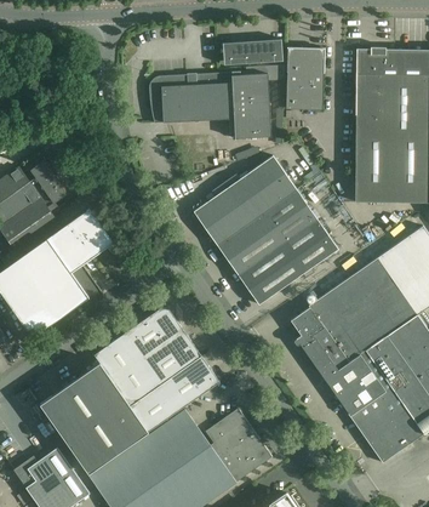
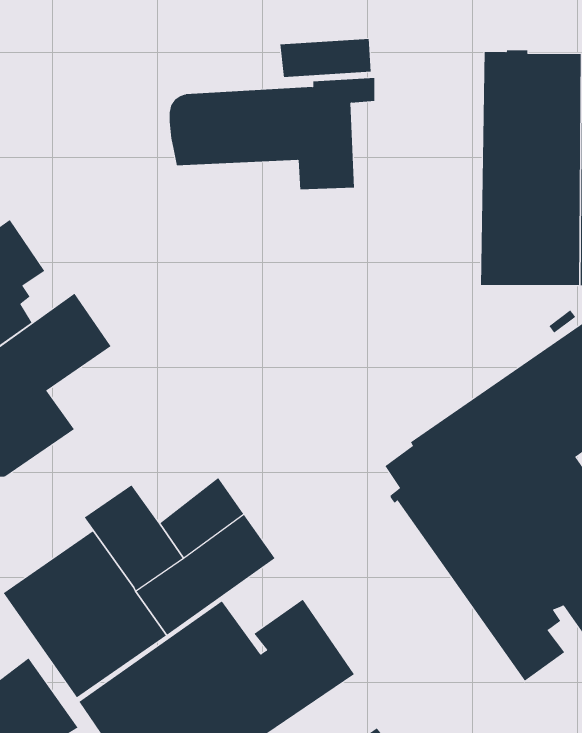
building: [286,47,325,109] -> none
building: [194,155,338,304] -> none
building: [125,308,182,358] -> none

